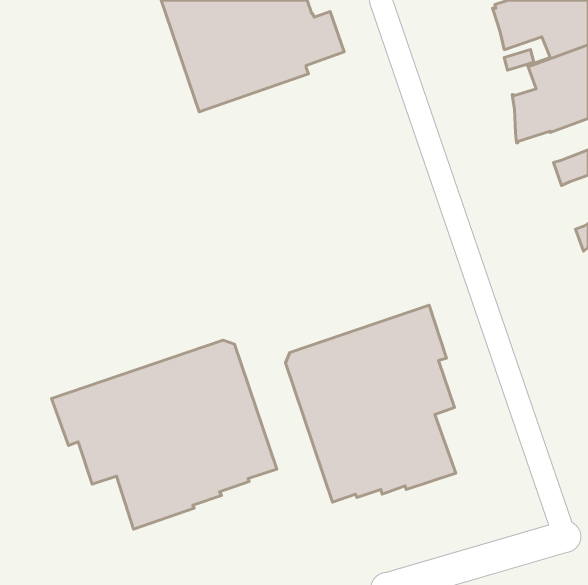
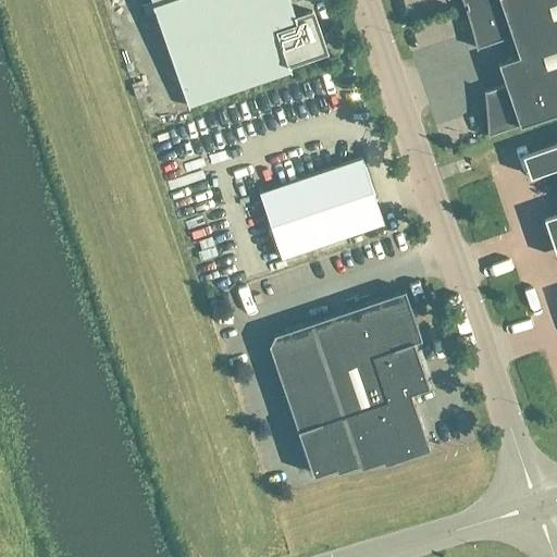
building: none -> [259,160,384,261]
building: [52,340,277,529] -> none

